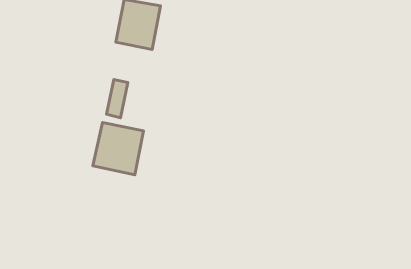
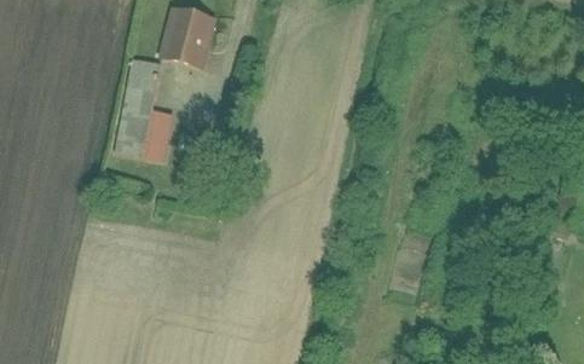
building: [93,123,144,175] -> none

